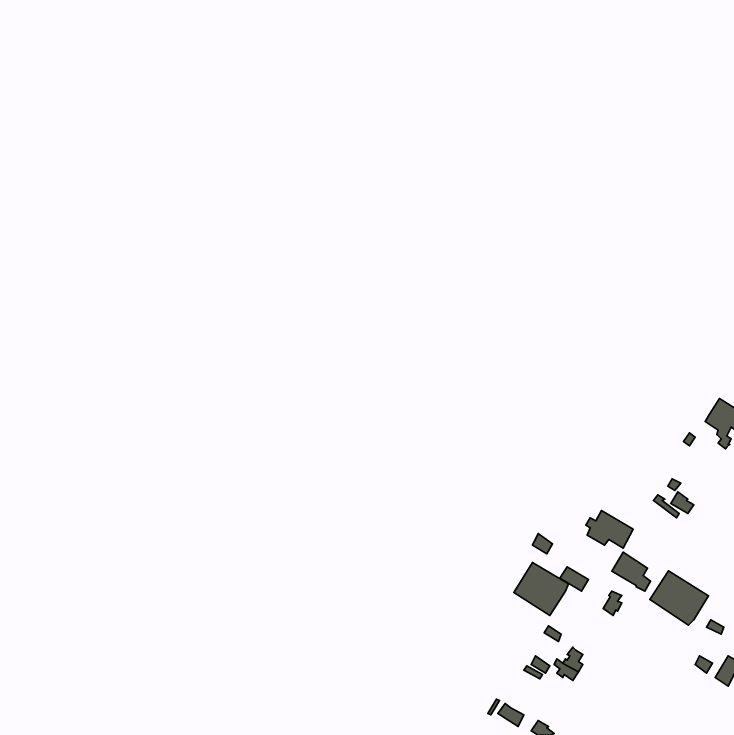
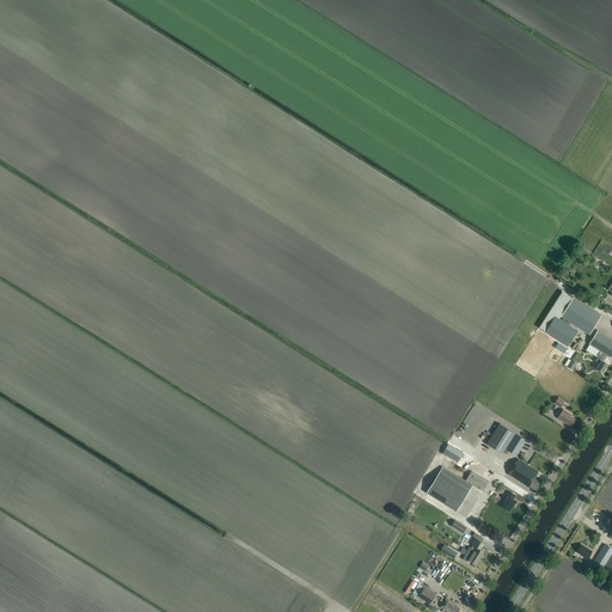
building: none -> [540,292,602,347]
building: [650,571,708,625] -> none

